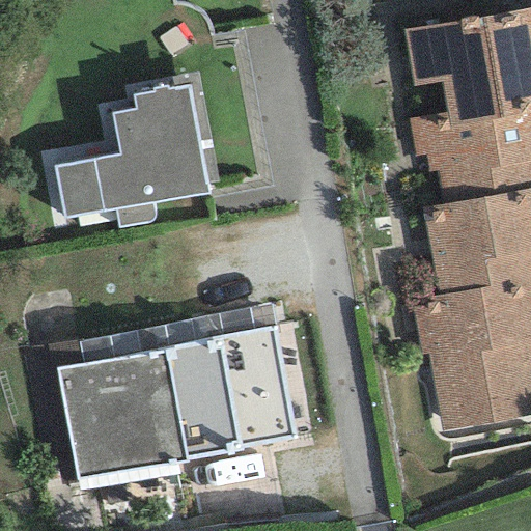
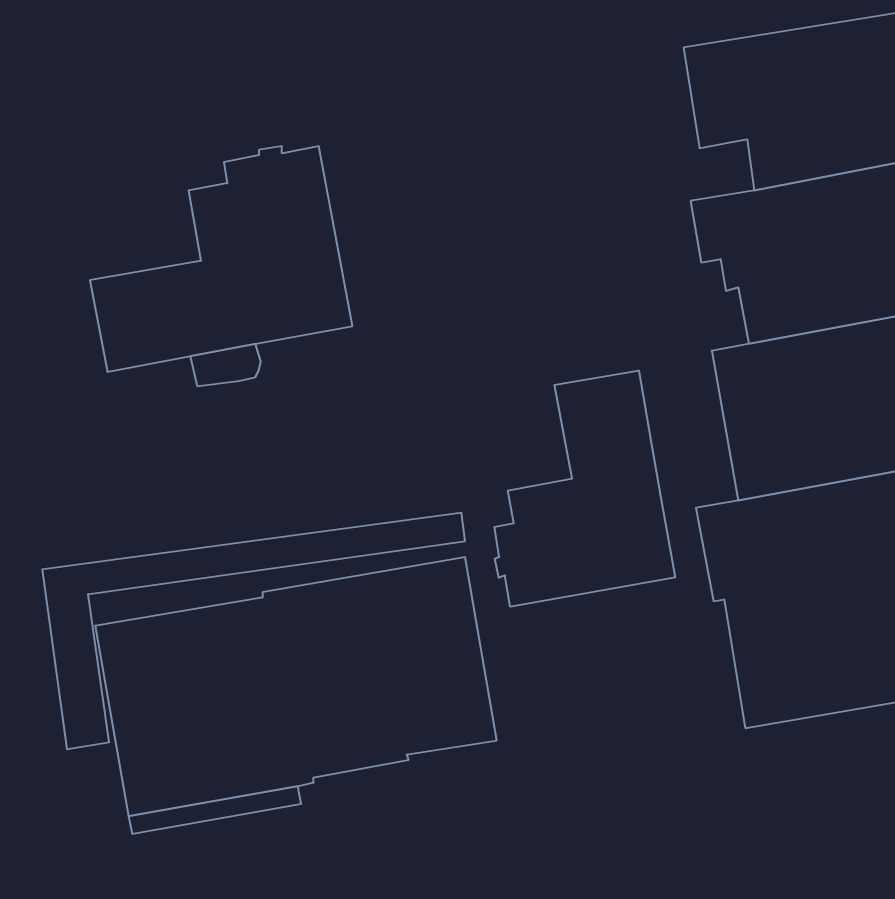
building: none -> [494,370,675,607]

